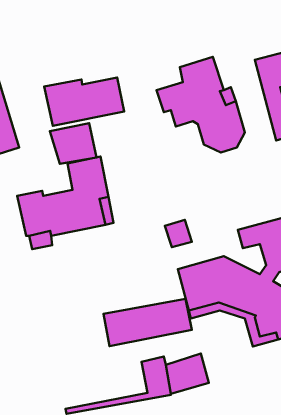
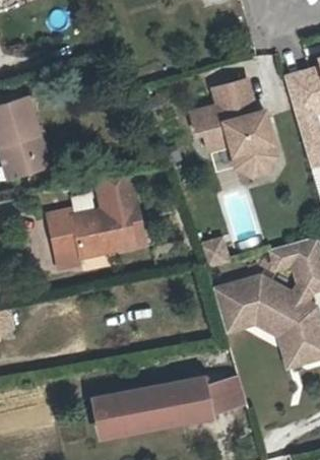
building: [44,78,124,126] -> none
building: [50,123,97,164] -> none
building: [103,299,192,346] -> [90,384,180,432]

